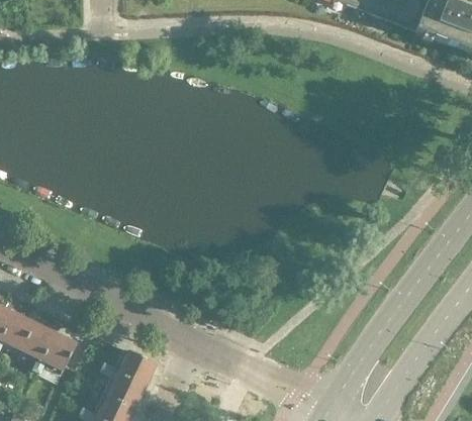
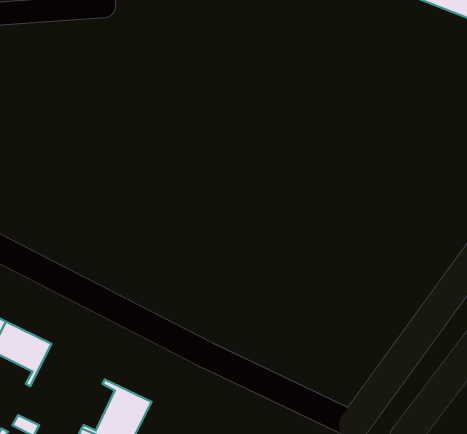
building: [36,332,78,374] -> none
building: [104,348,158,385] -> none

